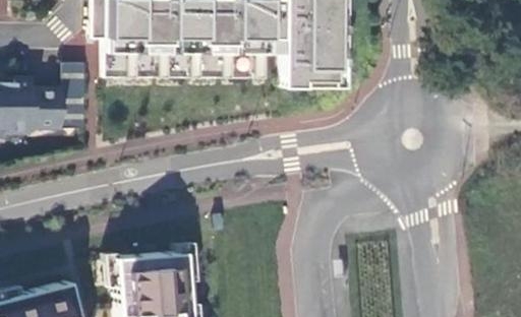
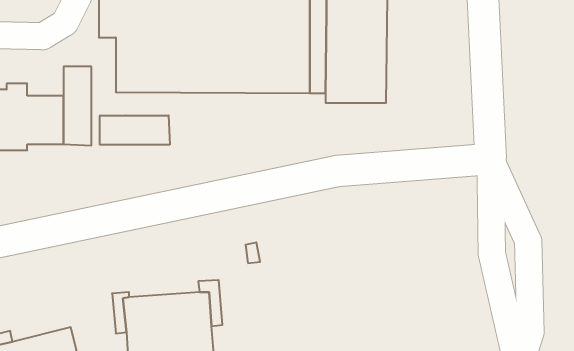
building: none -> [100,115,170,145]

